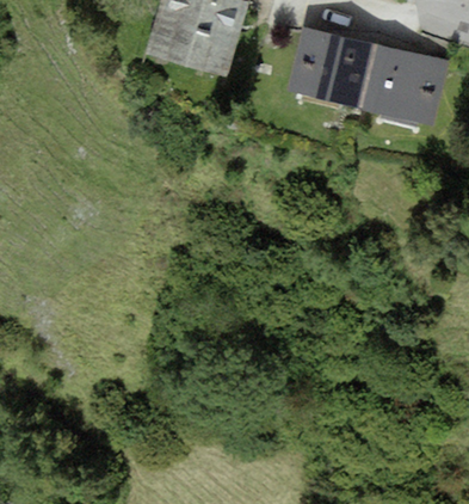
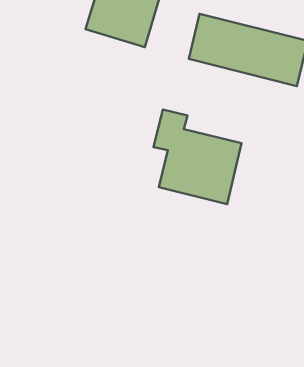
building: none -> [154,109,242,204]

